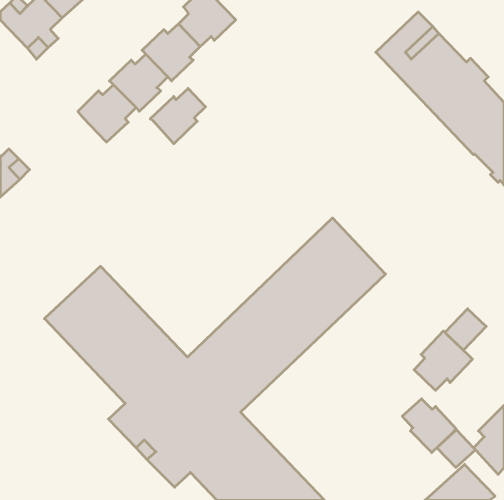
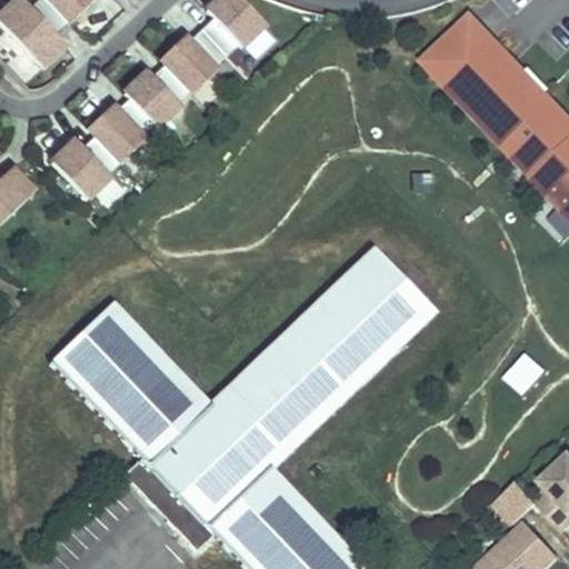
building: [150,88,206,144] -> none
building: none -> [51,132,119,197]
building: [414,331,472,390] -> none
building: [402,399,456,453] -> none

